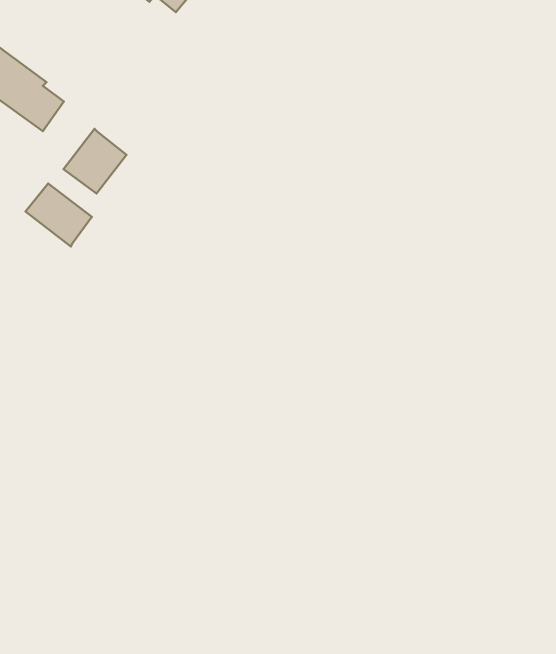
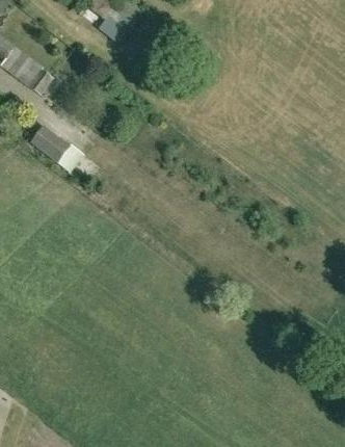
building: [63,129,126,193] -> none

